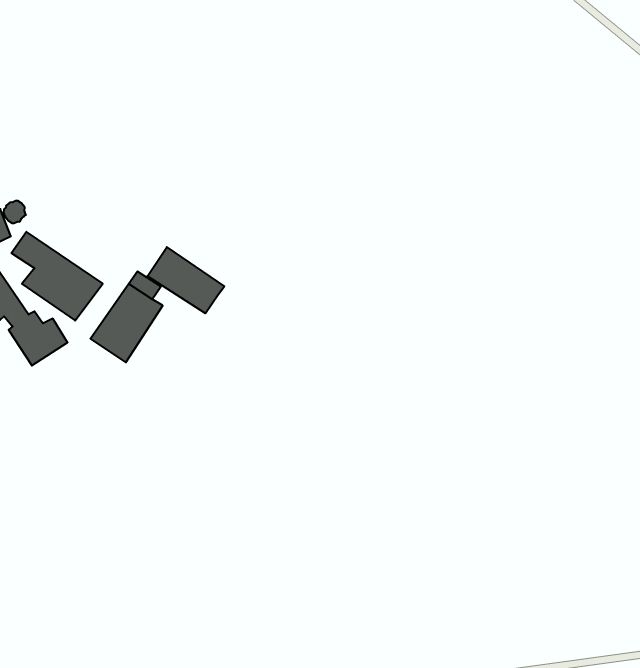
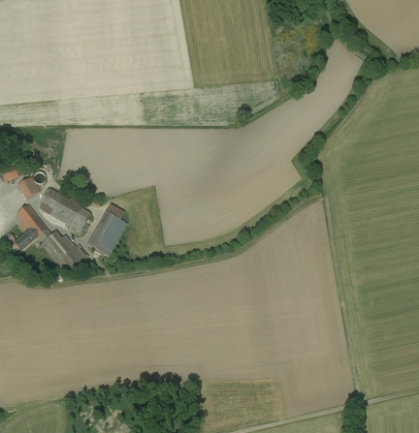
building: [147,247,224,313] -> none

